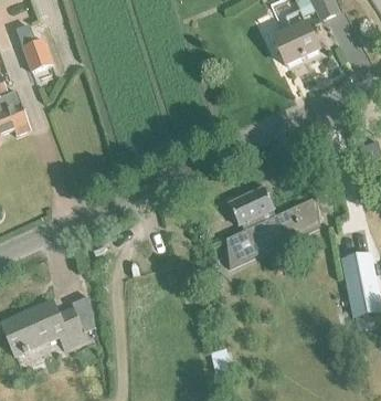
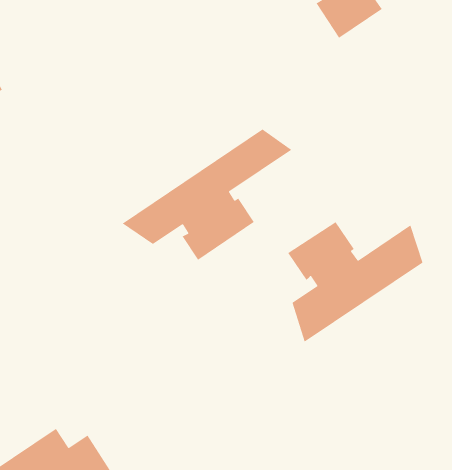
building: none -> [121,129,293,261]

